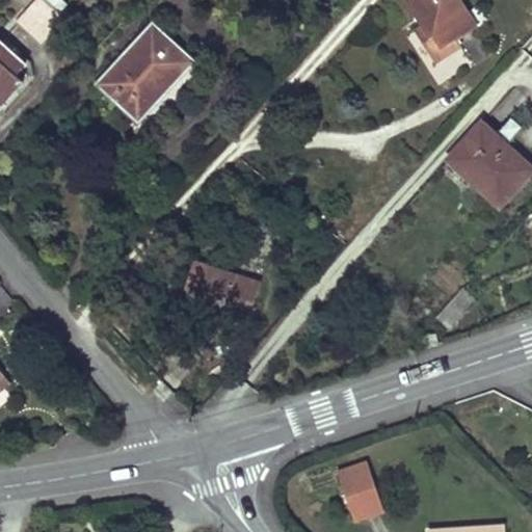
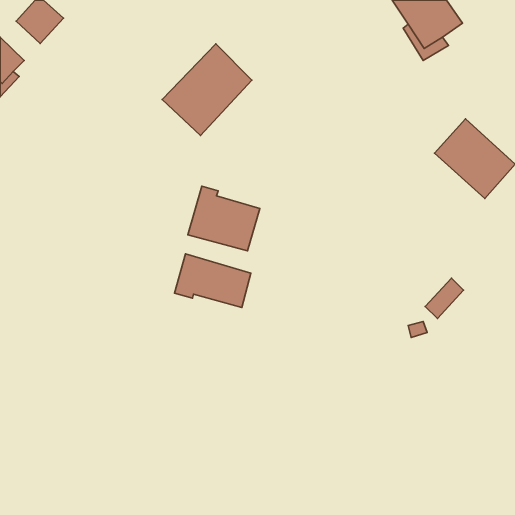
building: [97,25,189,119] -> [162,44,252,136]
building: none -> [188,186,260,251]
building: [337,462,380,521] -> none

